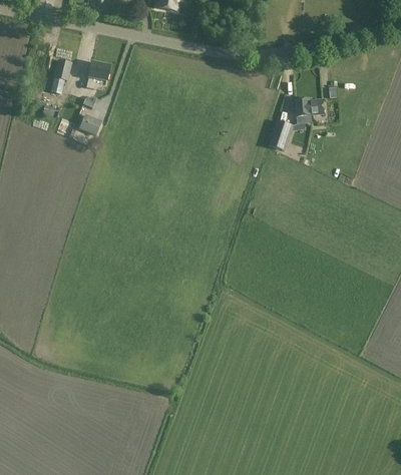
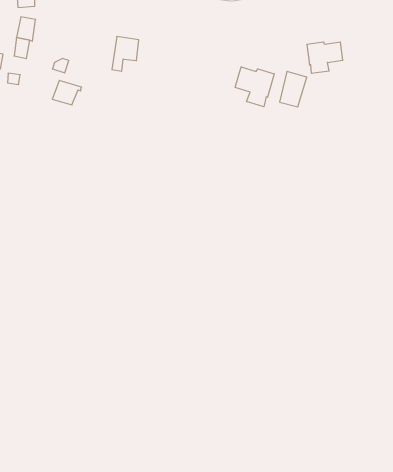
building: [85,59,109,88] -> [112,37,139,71]
building: none -> [235,67,274,107]

